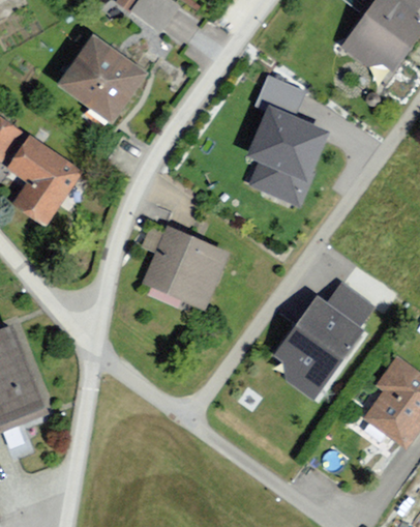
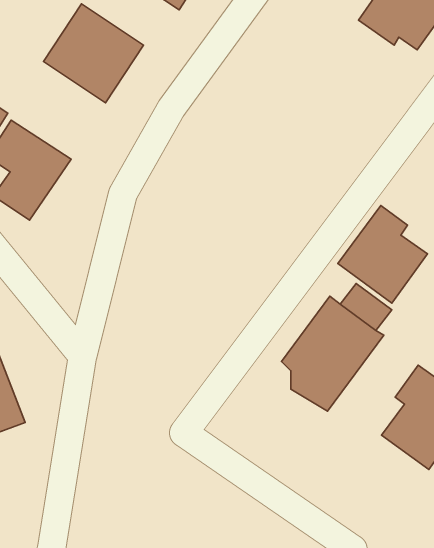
building: [247,71,331,201] -> none
building: none -> [338,205,427,303]
building: [144,228,227,311] -> none

